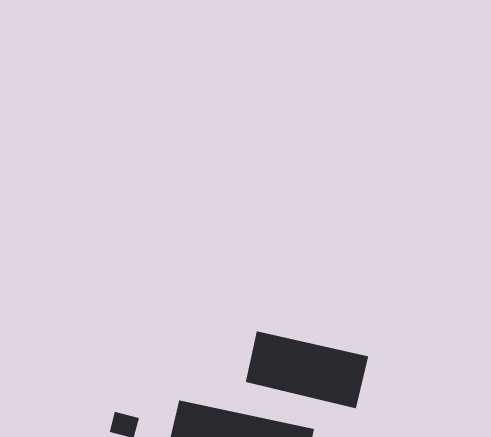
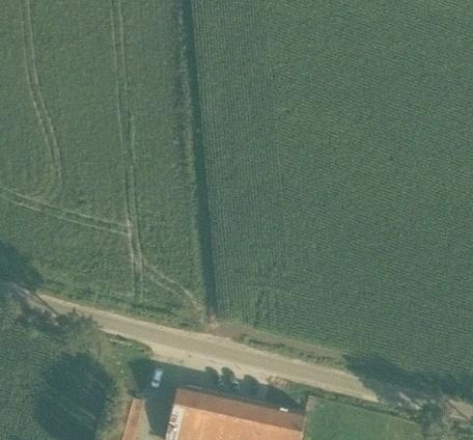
building: [245,330,369,409] -> none

